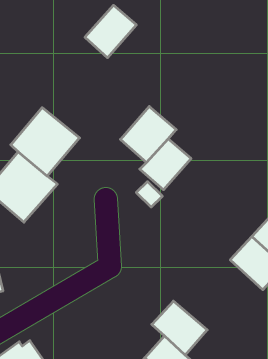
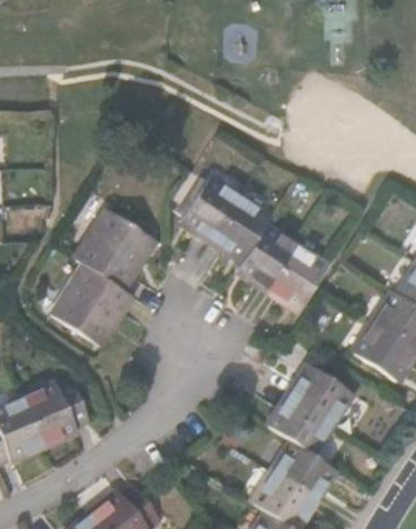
building: [85,5,136,58] -> [170,167,228,229]
building: none -> [259,239,316,300]
building: none -> [290,376,355,436]

